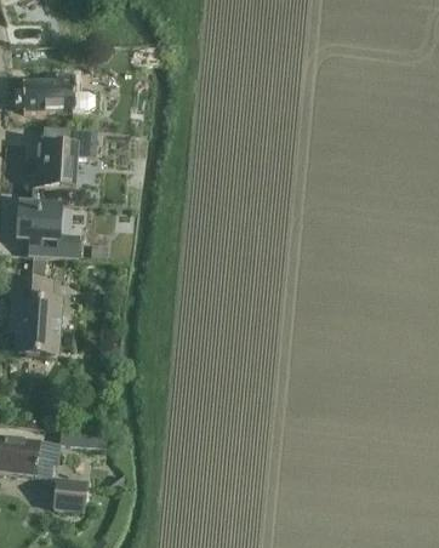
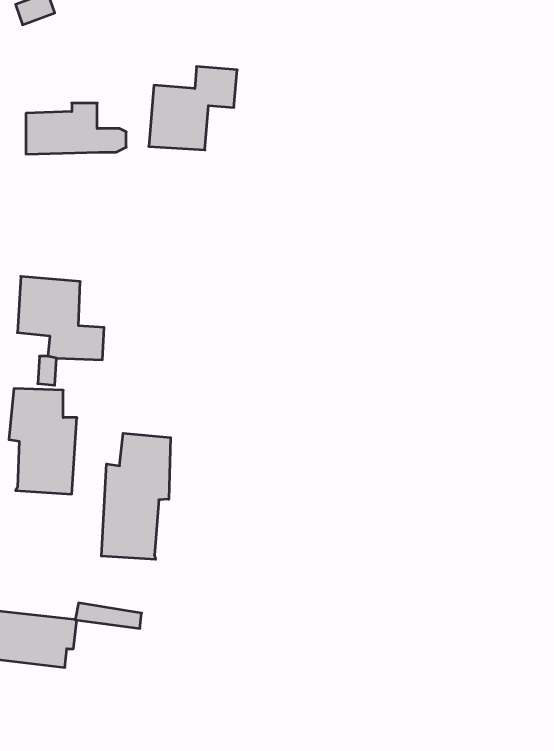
building: [34,127,97,187] -> [149,67,237,150]
building: none -> [101,433,171,559]
building: [52,478,87,510] -> none

